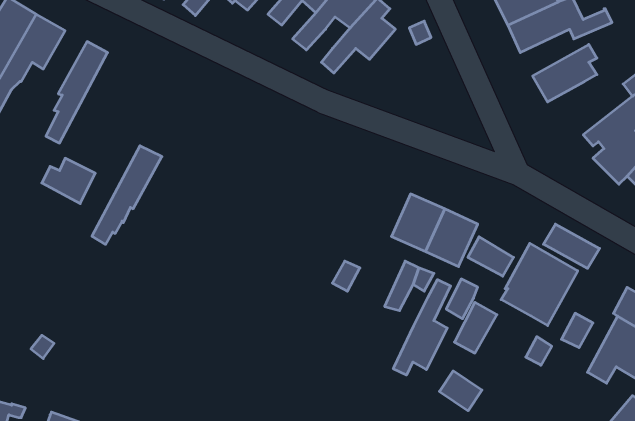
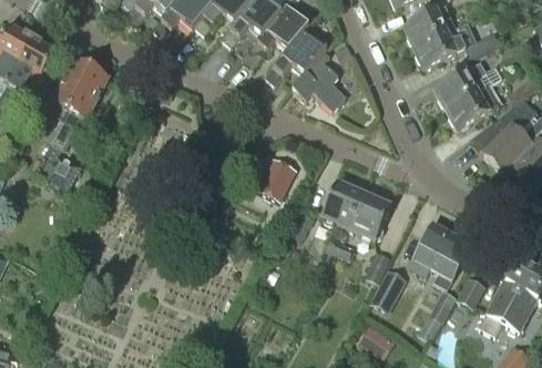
building: none -> [290,49,346,110]
building: none -> [447,91,498,127]
building: [92,146,162,244] -> [52,68,109,147]
building: none -> [259,157,296,200]
building: [543,224,600,268] -> none
building: [468,237,514,276] -> none
building: [393,280,451,375] -> none

